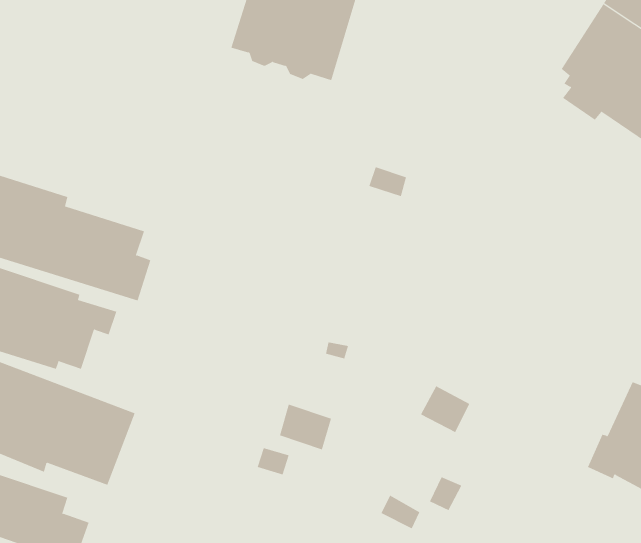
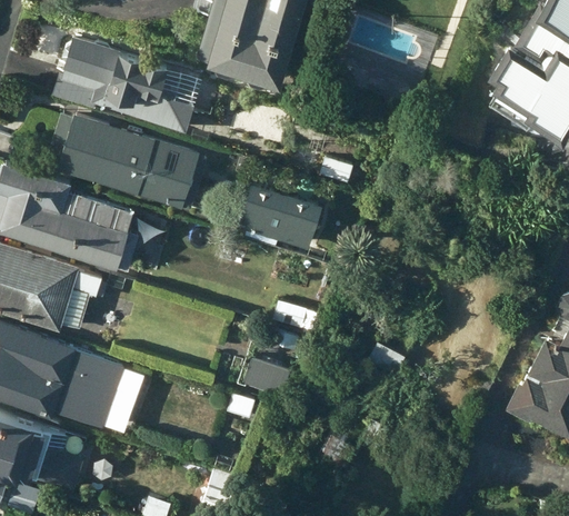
building: none -> [50,36,191,131]
building: none -> [43,112,206,209]
building: none -> [236,176,321,249]

